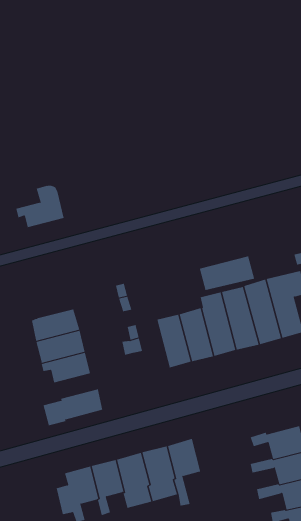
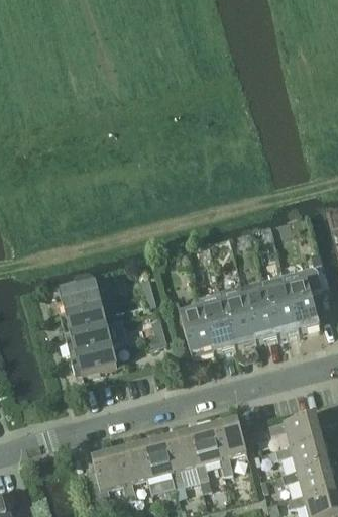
building: [16,185,64,228] -> [55,272,102,312]
building: [199,256,255,291] -> none
building: [43,389,103,426] -> none
building: none -> [215,420,248,474]

